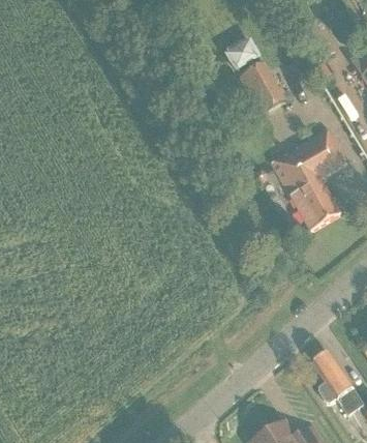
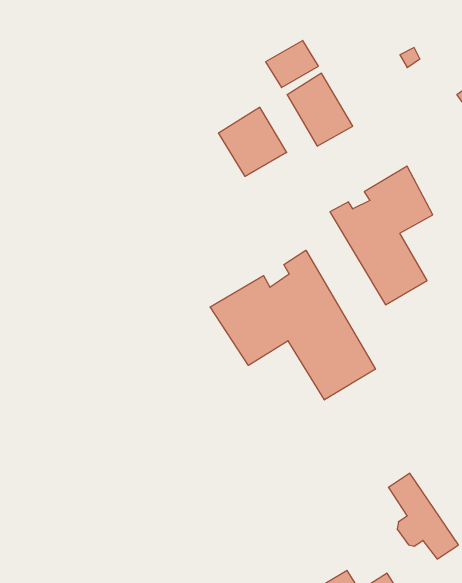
building: none -> [219,107,287,176]
building: none -> [210,250,375,400]

